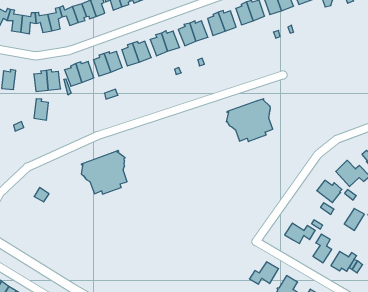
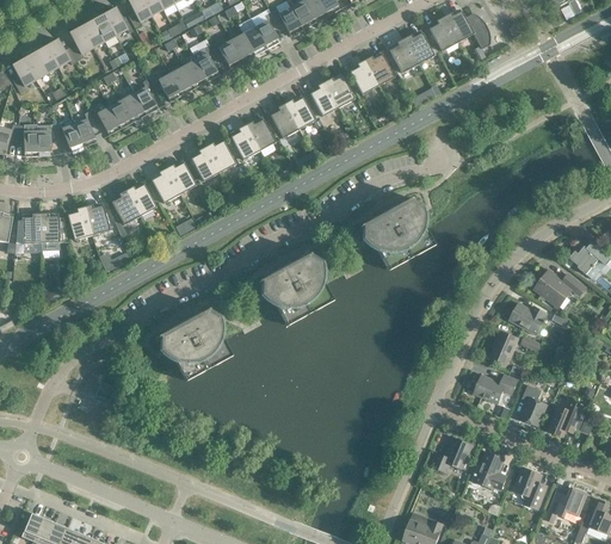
building: [34,99,48,120] -> [39,211,60,241]
building: none -> [259,252,331,321]
building: [344,208,364,230] -> [490,330,518,363]

